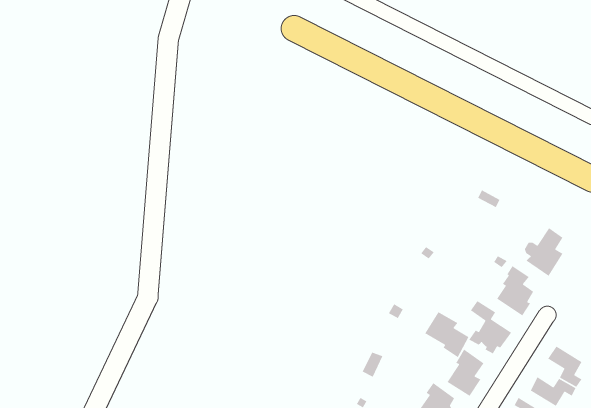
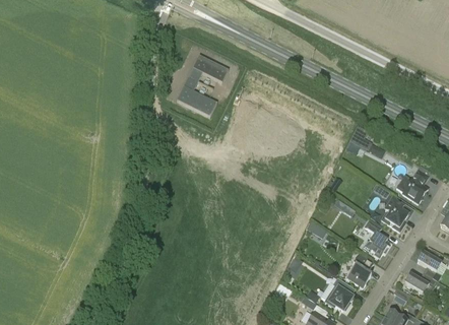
building: none -> [176,55,228,116]
building: [424,311,470,358] -> none

